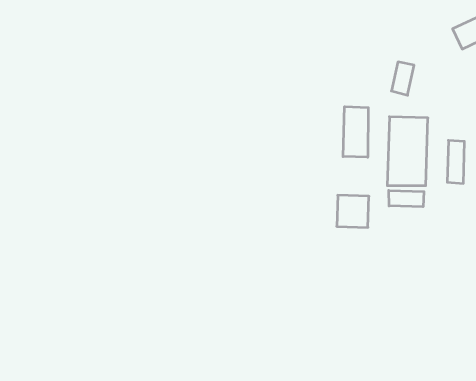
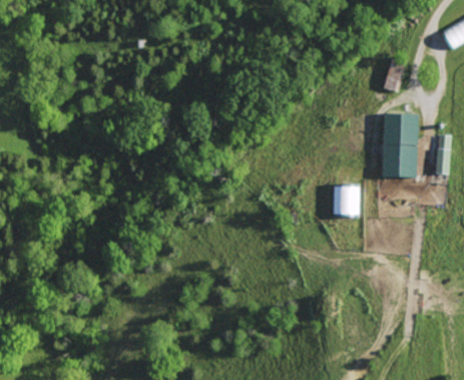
building: [343,107,368,157] -> none
building: [389,190,424,207] -> none

